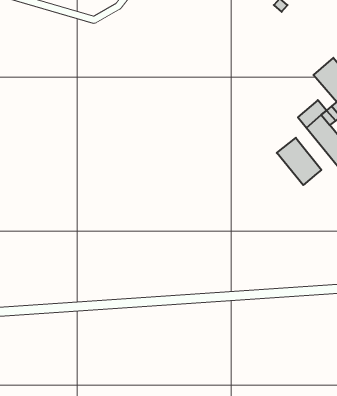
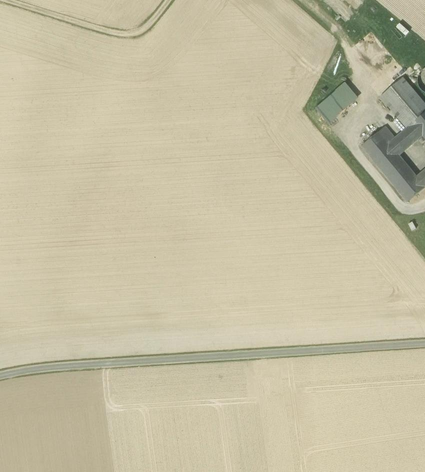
building: none -> [315,83,358,123]
building: [277,138,321,185] -> none

